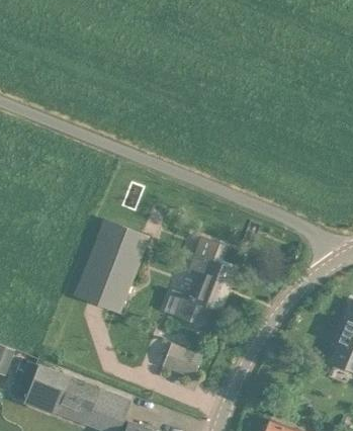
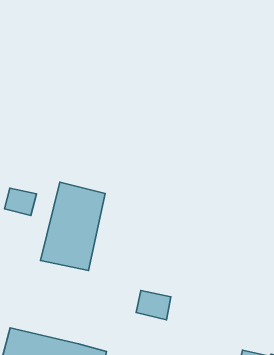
building: none -> [5,188,36,215]
building: [169,238,235,322] -> none

